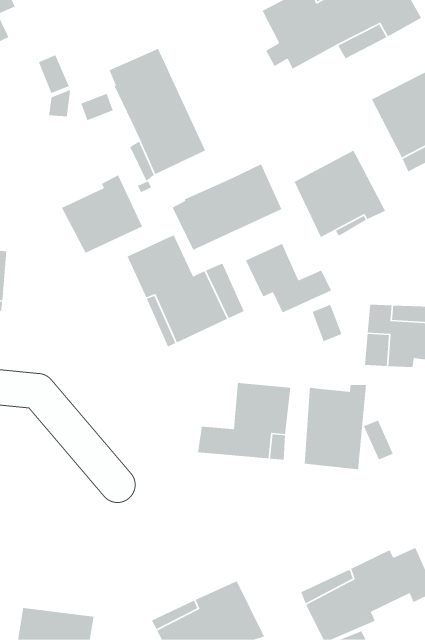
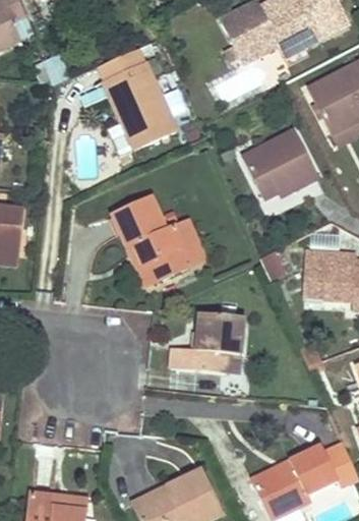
building: [171,163,282,251] -> none
building: [61,174,143,254] -> none
building: [245,243,332,313] -> none
building: [304,384,367,470] -> none

